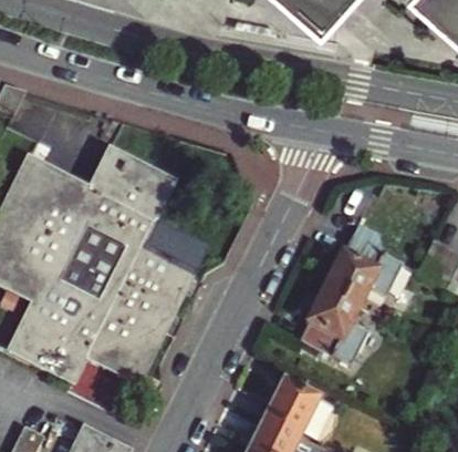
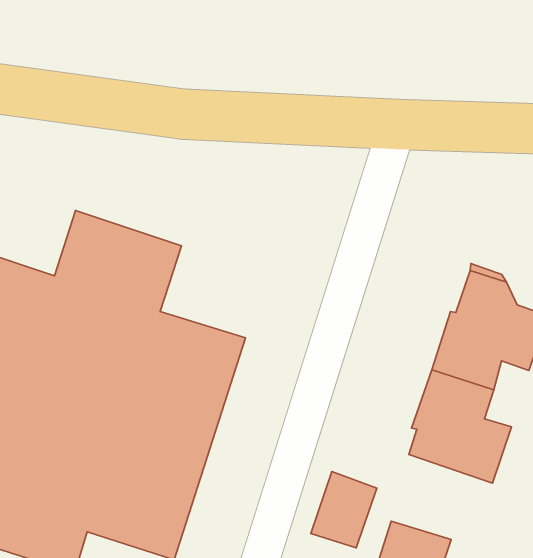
building: none -> [311,472,377,548]

